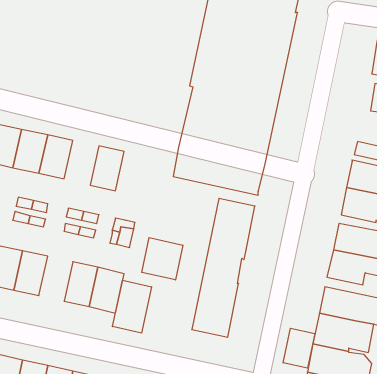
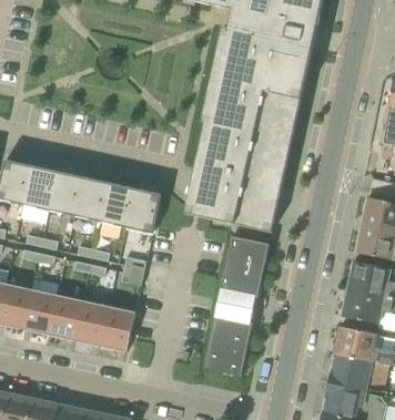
building: none -> [74,176,110,222]
building: none -> [126,187,162,233]
building: [142,238,183,280] -> none
building: none -> [49,294,83,339]
building: [112,280,152,333] -> none
building: [283,328,315,368] -> none

